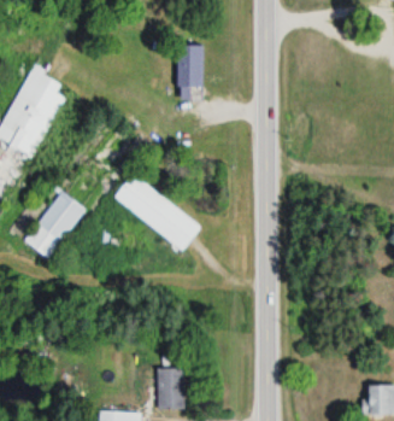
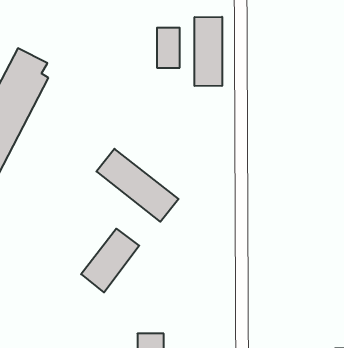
building: none -> [195,17,222,86]
building: [24,192,86,259] -> [81,229,139,292]

